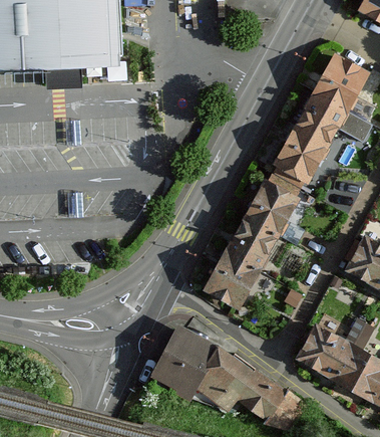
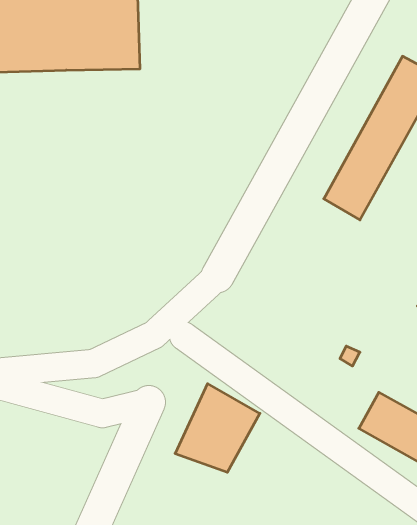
building: [207,176,298,304] -> none
building: [194,345,304,424] -> none

